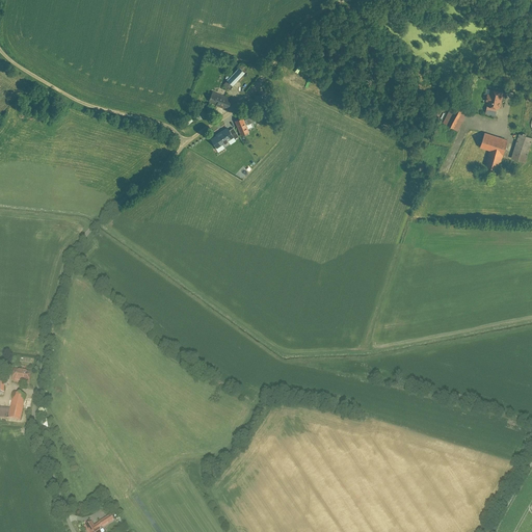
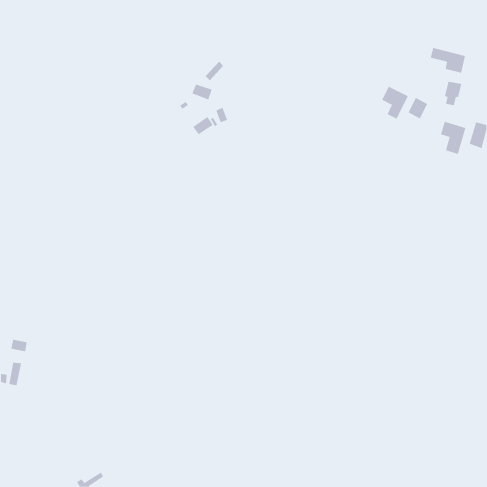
building: none -> [430,47,466,74]
building: none -> [381,86,408,120]

